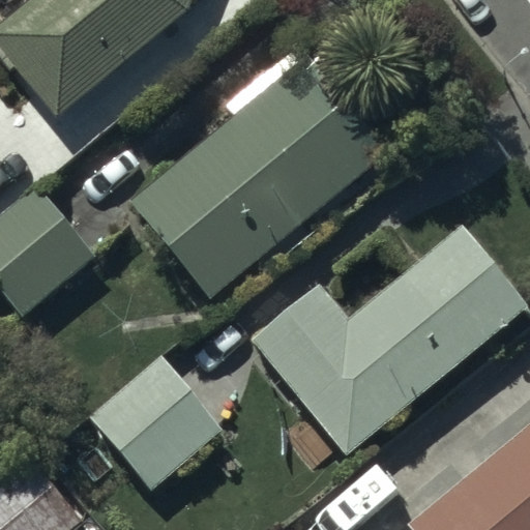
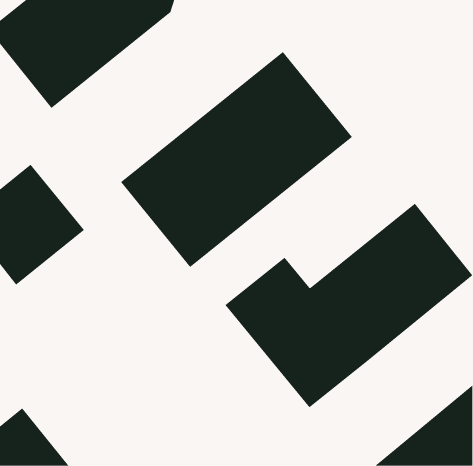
building: [90,352,225,487] -> none

